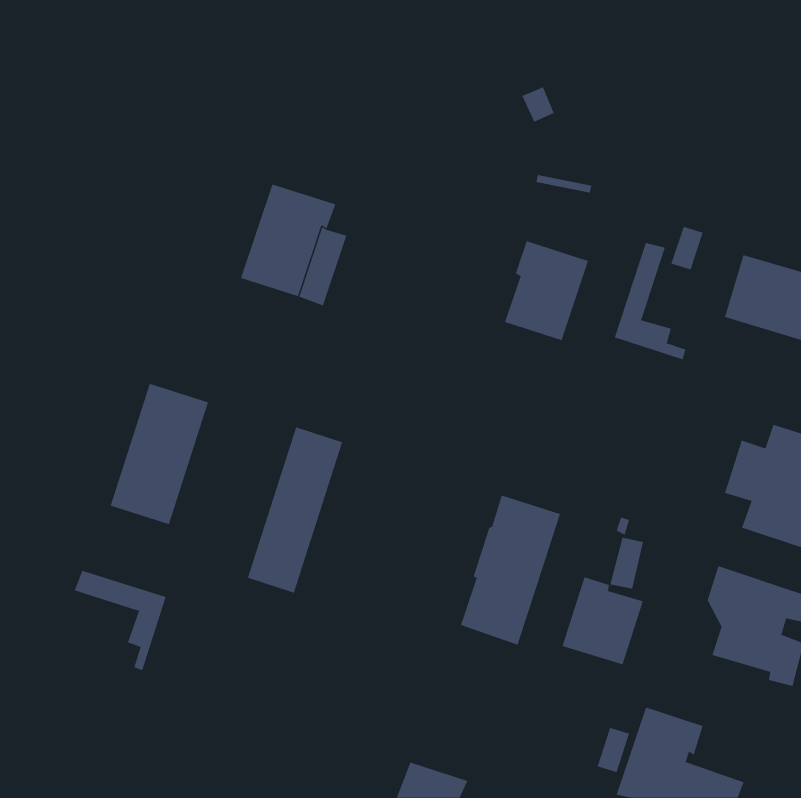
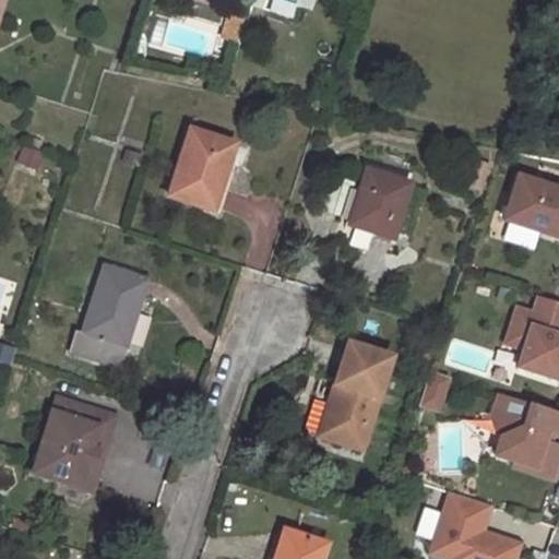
building: [614,242,686,360] -> none
building: [247,426,343,594] -> none
building: [562,577,644,665] -> none
building: none -> [33,411,100,489]

